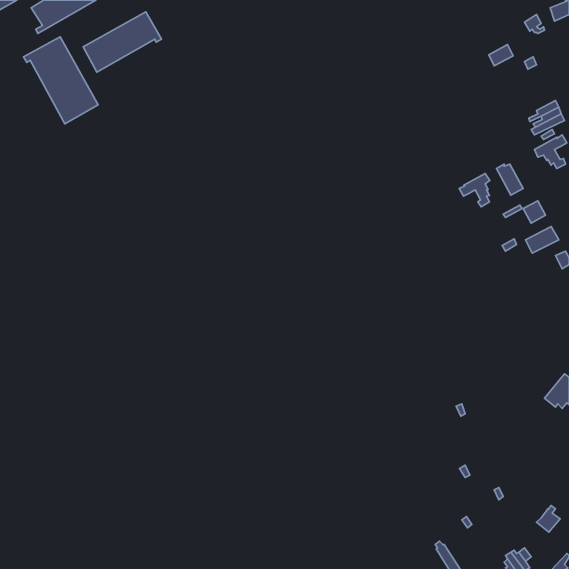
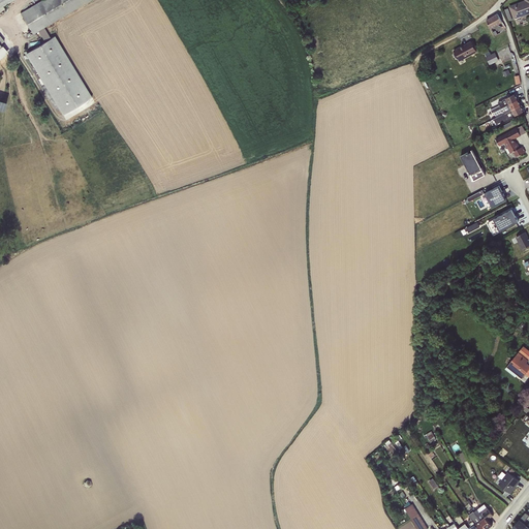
building: [83,12,162,72] -> none
building: [459,173,490,207] -> none

